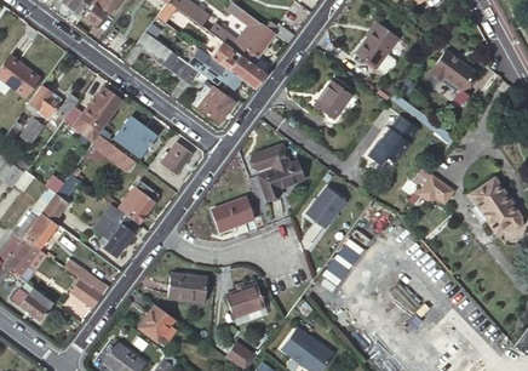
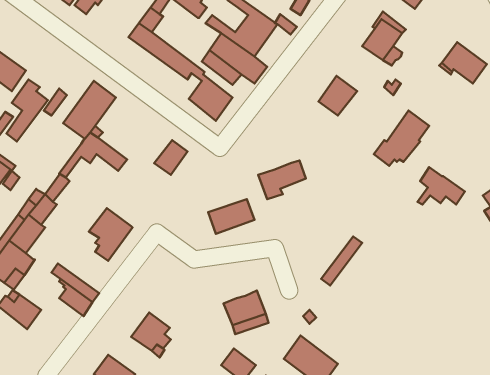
building: [115,116,155,156] -> none
building: [251,144,288,170] -> none
building: [119,181,159,223] -> none
building: [306,187,344,228] -> none
building: [168,274,206,302] -> none

